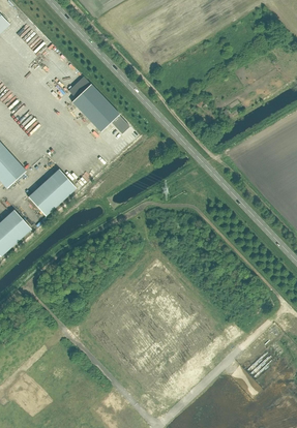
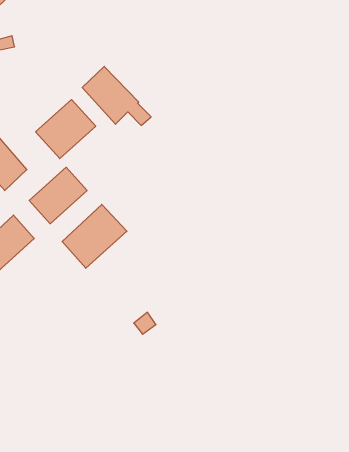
building: none -> [36,100,96,159]
building: none -> [62,204,127,268]

